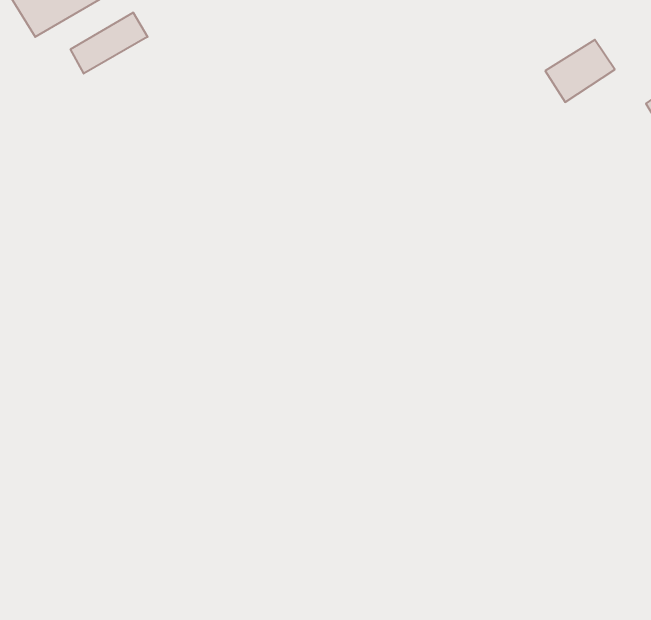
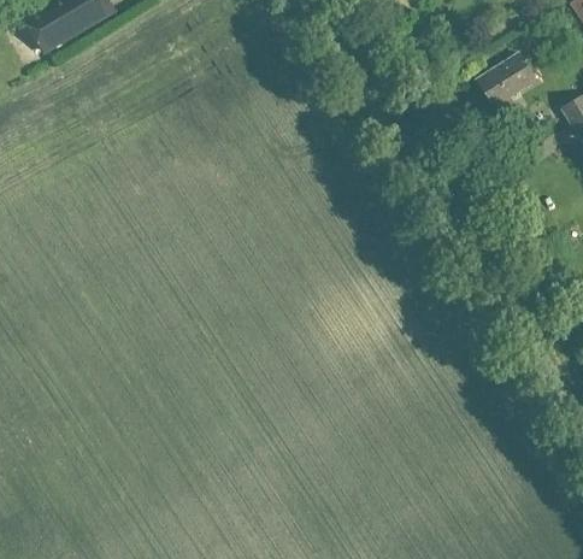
building: [71,12,148,74] -> none

